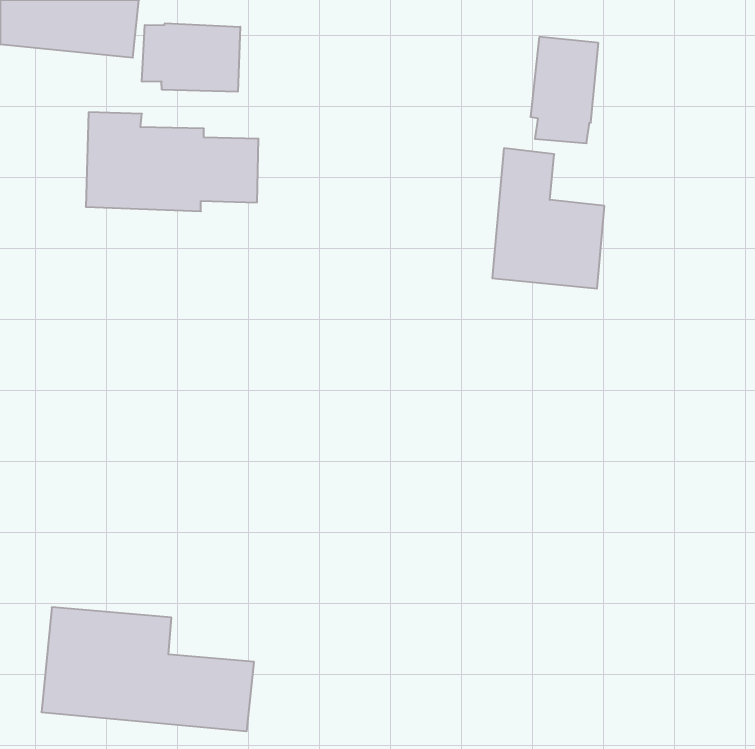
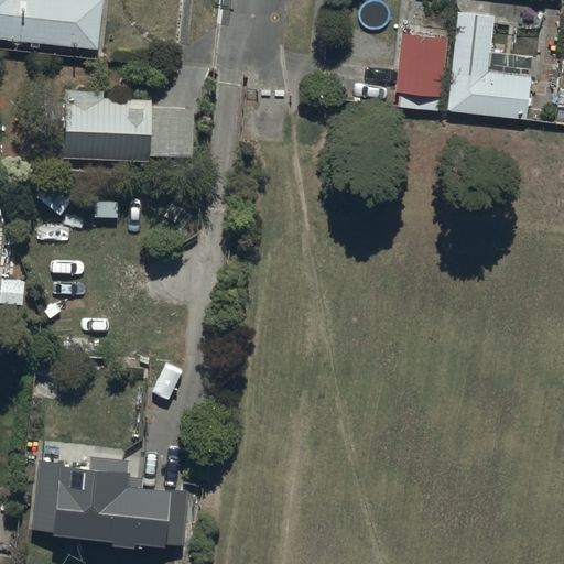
building: [142,23,240,92] -> none
building: [492,148,604,289] -> [447,13,531,118]

